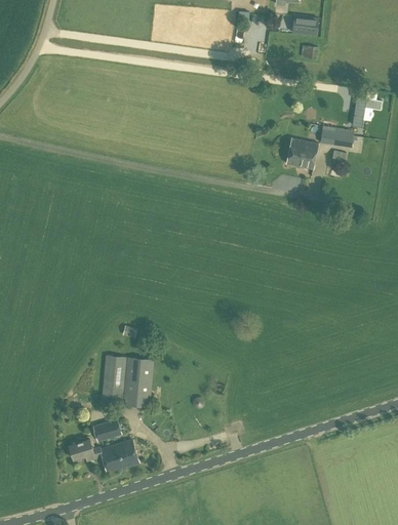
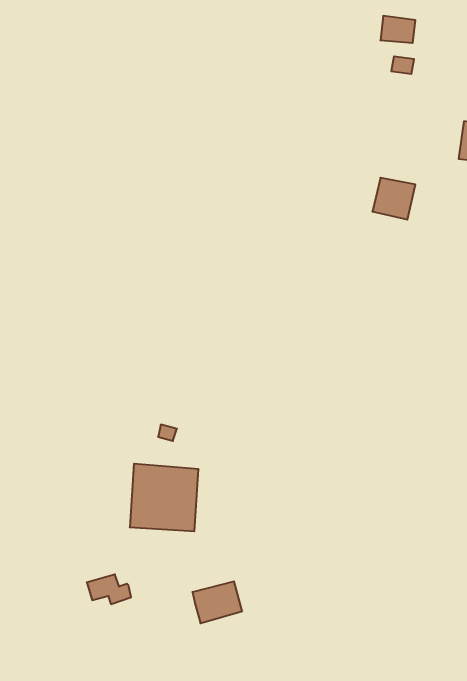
building: [319,126,353,148] -> none
building: [92,419,121,442] -> none
building: [100,440,137,472] -> [192,581,242,623]

